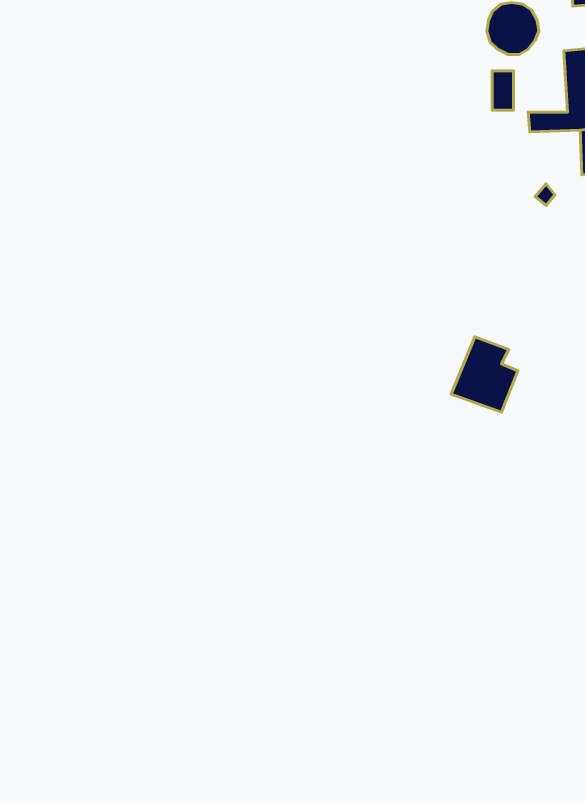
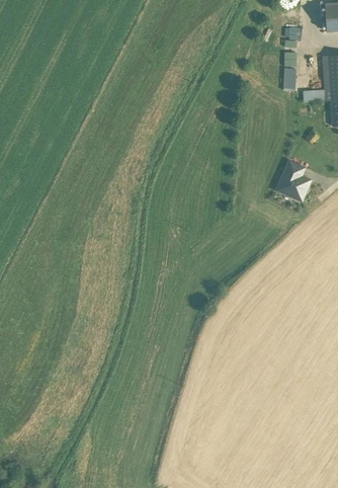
building: [451,337,518,412] -> [272,158,310,200]

